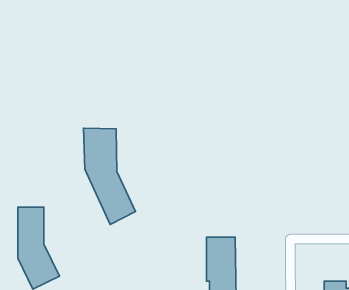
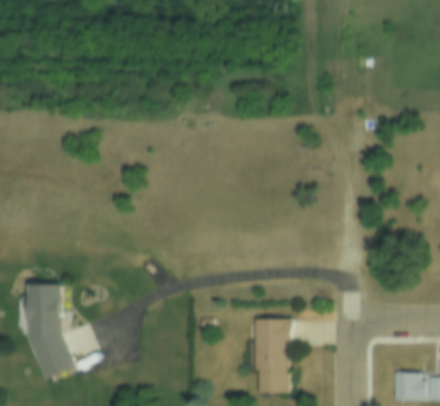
building: [84,128,135,225] -> none

